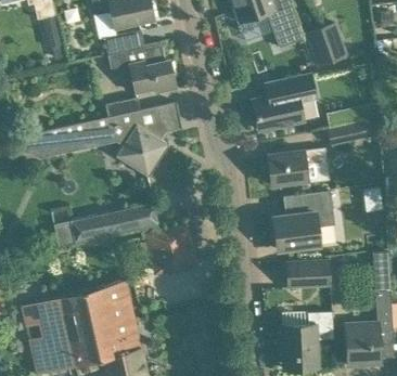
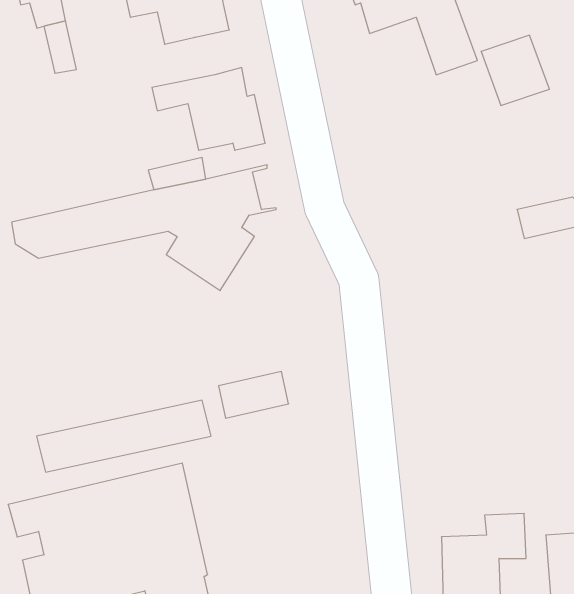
building: [104,30,145,55] -> none
building: [253,73,317,131] -> none
building: [267,148,326,185] -> none
building: [272,191,335,250] -> none
building: [53,203,158,246] -> [37,400,211,472]
building: [287,261,331,287] -> none

